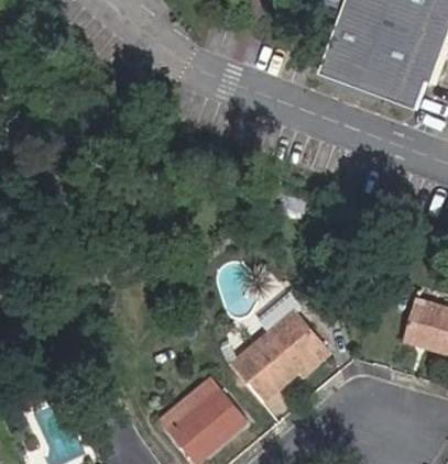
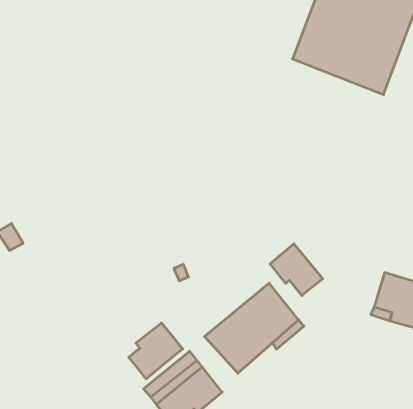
building: none -> [270,244,323,296]
building: none -> [129,323,183,379]

